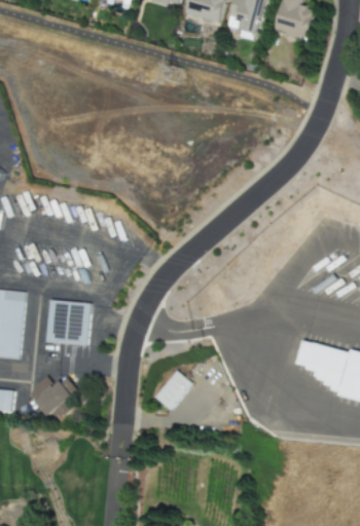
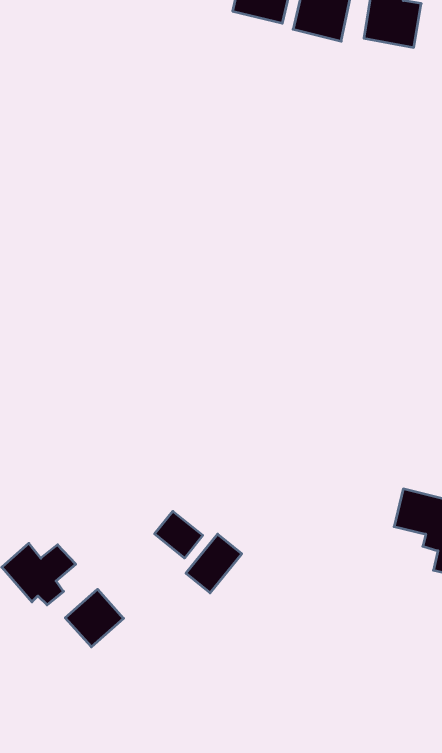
building: [47,300,89,345] -> none
building: none -> [155,511,203,558]
building: none -> [65,589,124,647]

